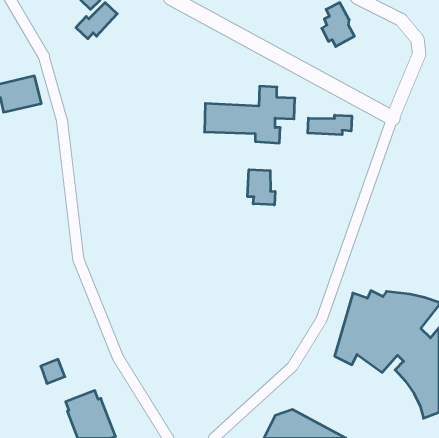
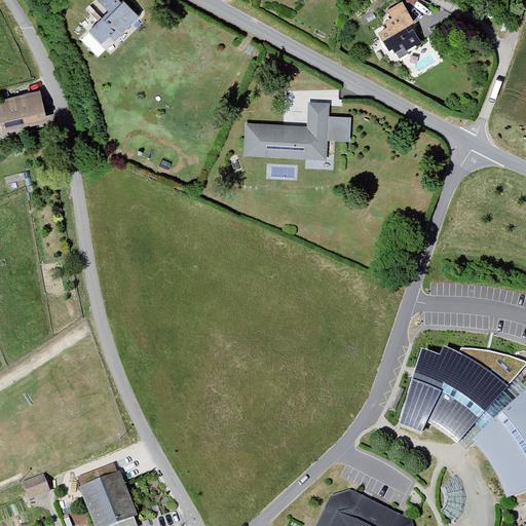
building: [308,115,352,135] -> none
building: [248,170,275,205] -> none
building: [41,359,65,383] -> [22,475,50,503]

